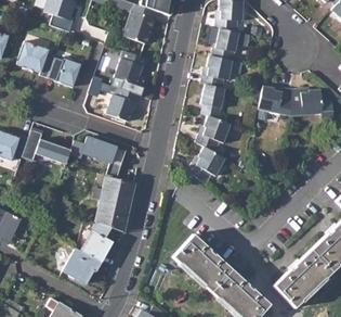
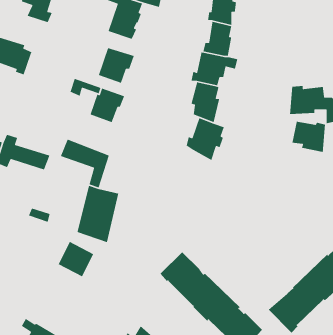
building: [49,56,82,86] -> none
building: [261,84,292,113] -> [291,121,326,153]
building: [187,145,222,182] -> none
building: [64,248,102,283] -> none

